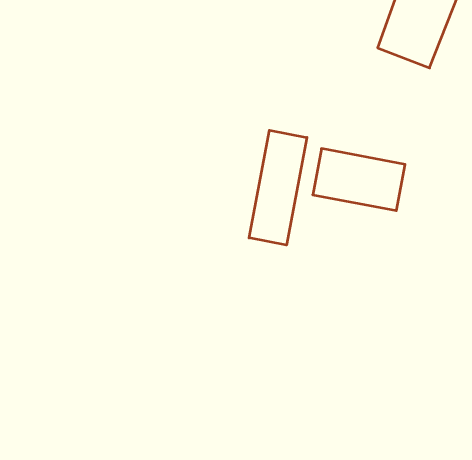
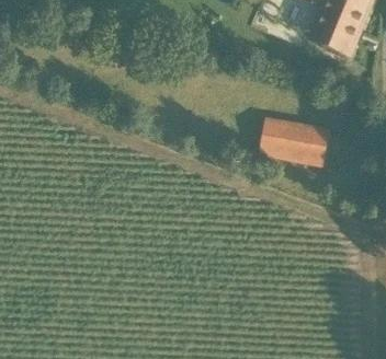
building: [249,130,307,245] -> none

